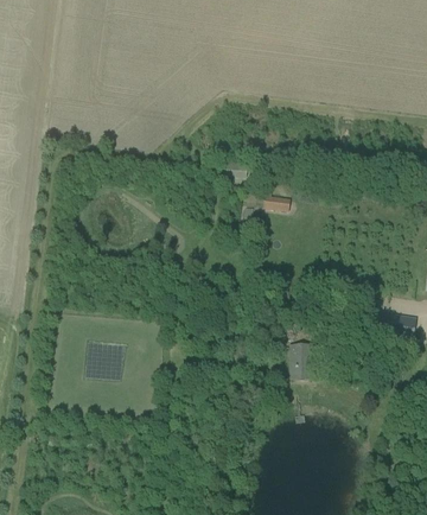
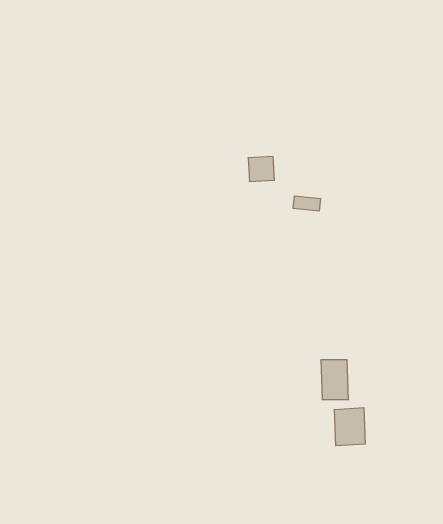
building: none -> [334,408,365,446]

